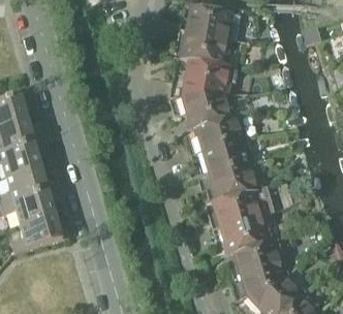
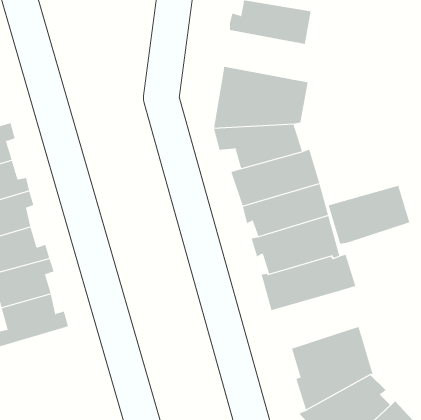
building: [178,26,232,61] -> none
building: [213,212,272,254] -> [328,185,410,244]

